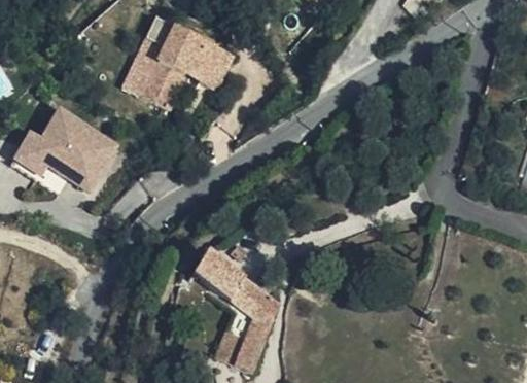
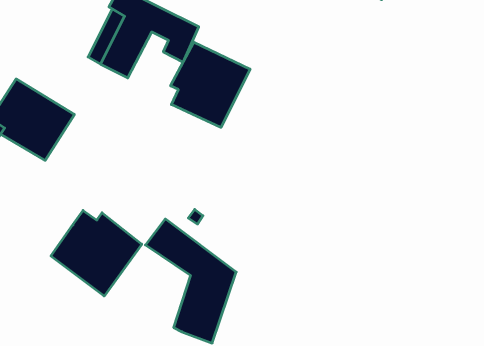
building: none -> [171,42,250,127]
building: none -> [51,210,142,296]

